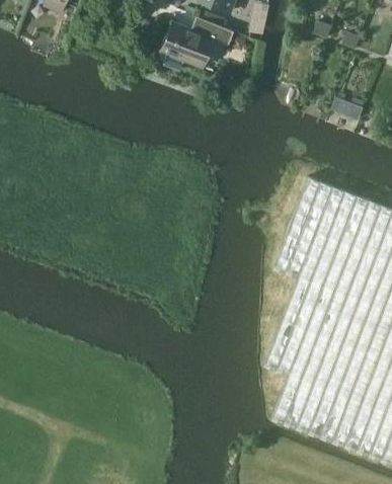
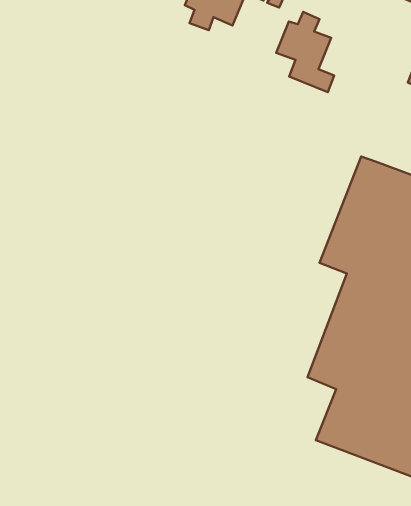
building: none -> [276,12,334,92]

